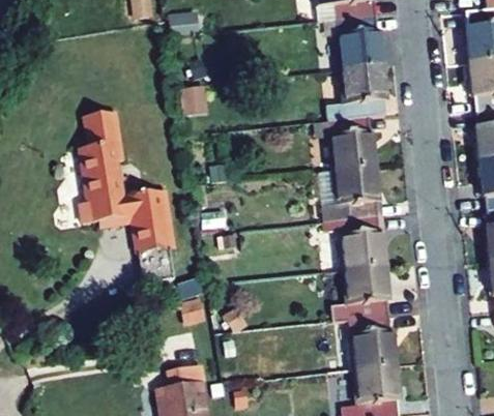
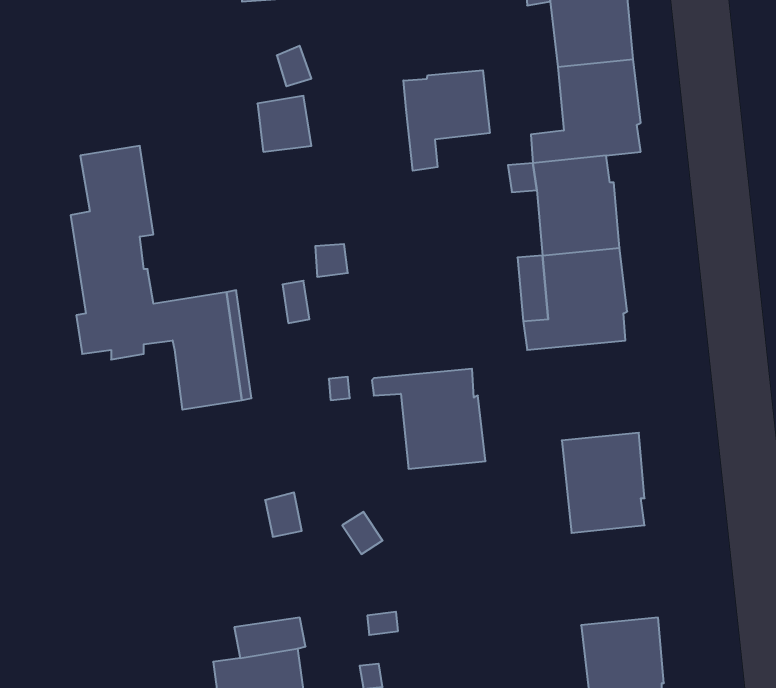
building: none -> [403,70,490,171]
building: [325,216,386,270] -> [372,369,486,469]
building: [350,316,397,369] -> none

